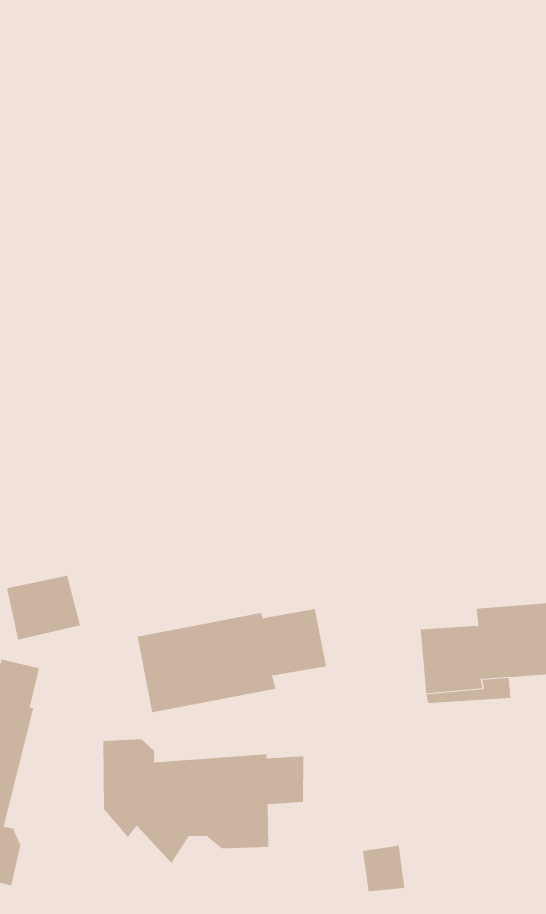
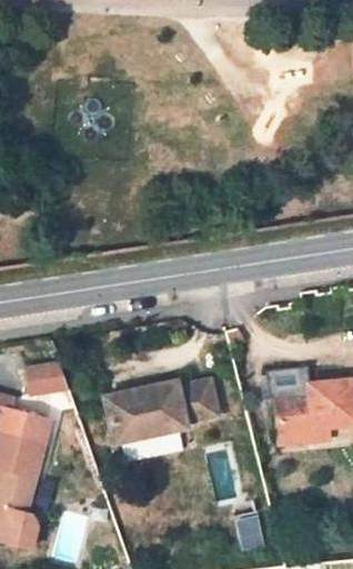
building: [103,739,304,864] -> none

